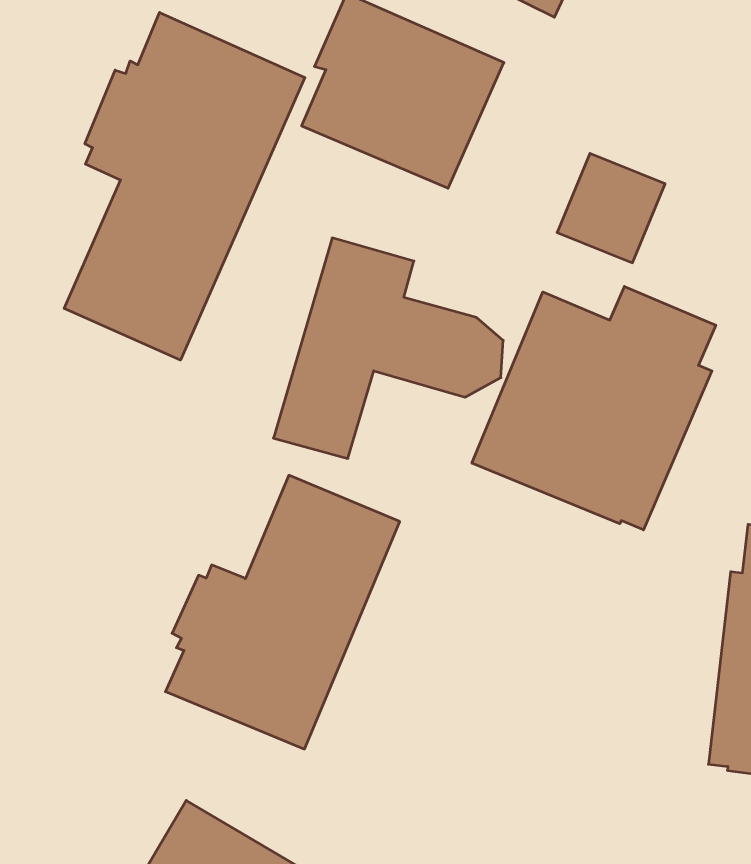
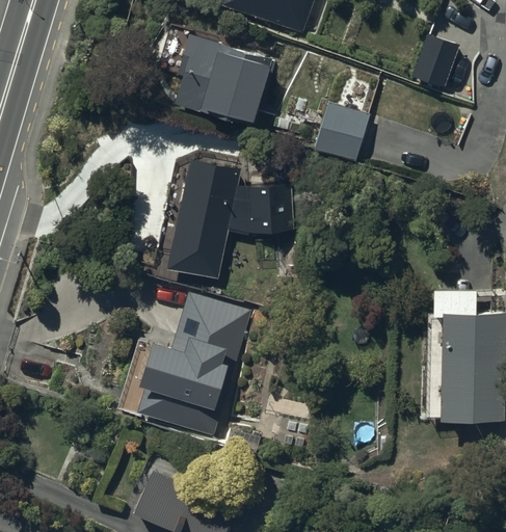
building: [64,12,305,360] -> none
building: [472,286,716,530] -> none

